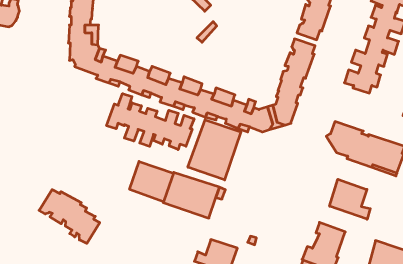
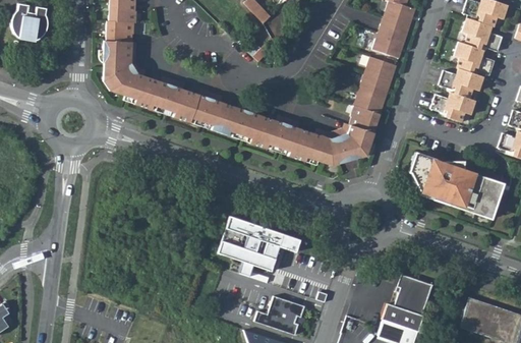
building: [107,94,194,150] -> none
building: [188,120,241,180] -> none
building: [130,161,173,202] -> none
building: [330,179,370,219] -> none
building: [39,190,100,243] -> none

